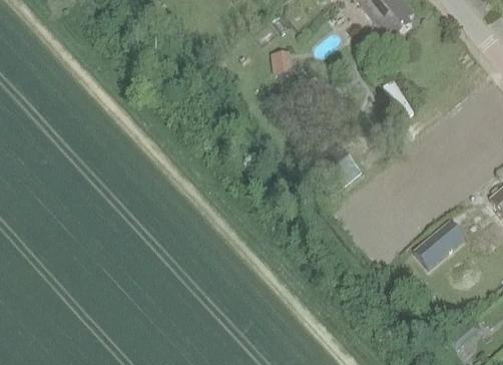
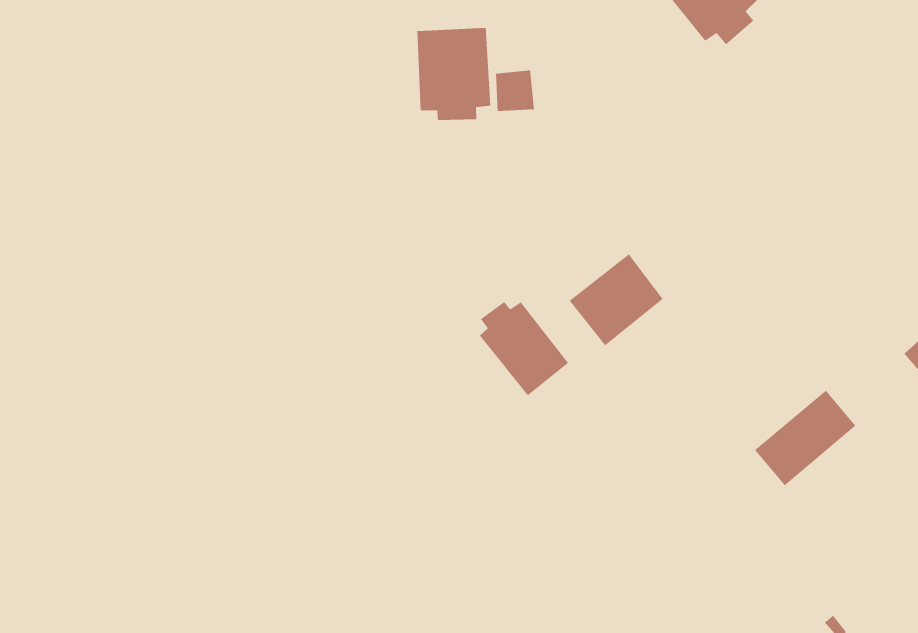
building: none -> [417,27,491,121]
building: none -> [479,301,569,396]

